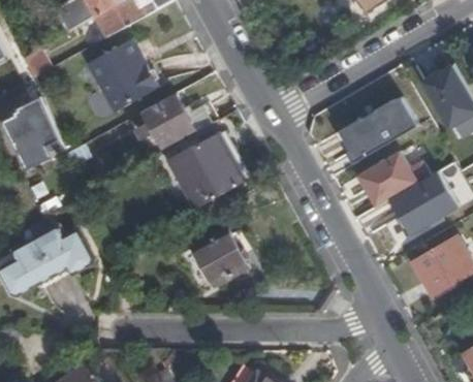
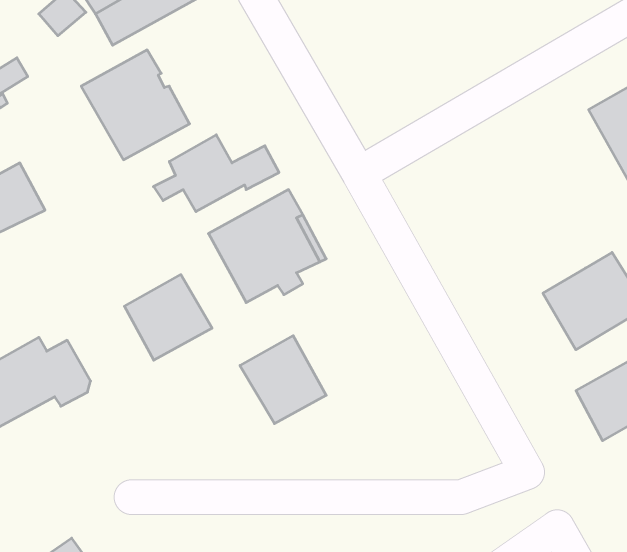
building: [334,93,419,163] -> none
building: [357,151,417,206] -> none
building: none -> [124,275,212,360]

